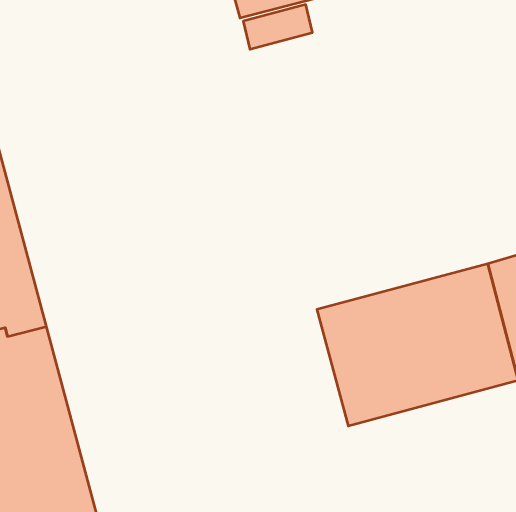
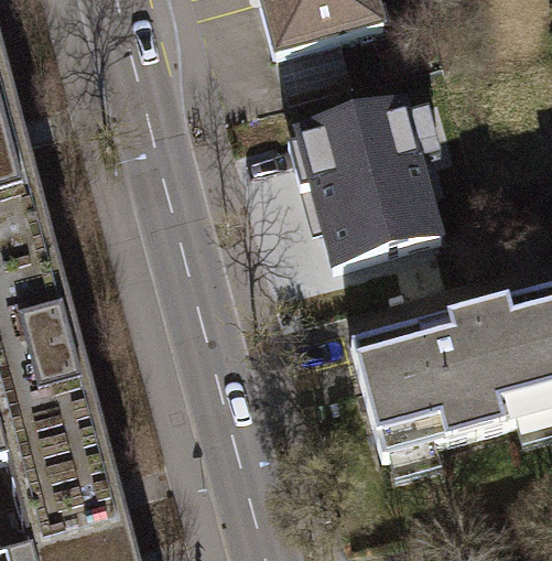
building: none -> [292,103,437,271]

